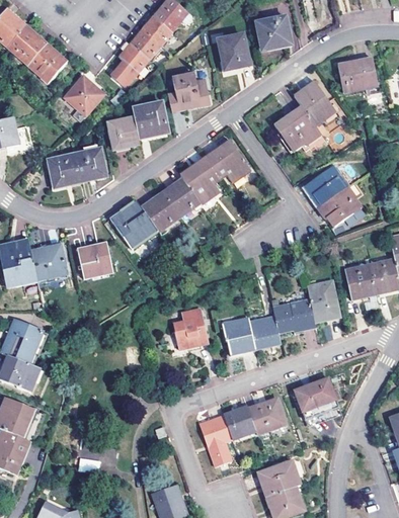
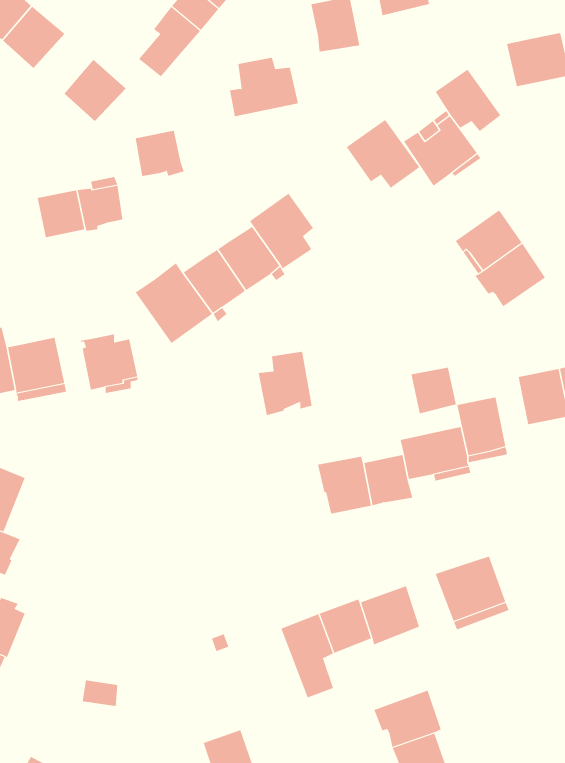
building: [133,103,167,138] -> none
building: [205,140,250,182] -> [346,119,420,189]
building: none -> [411,367,456,414]
building: [175,310,209,349] -> [258,351,313,416]

